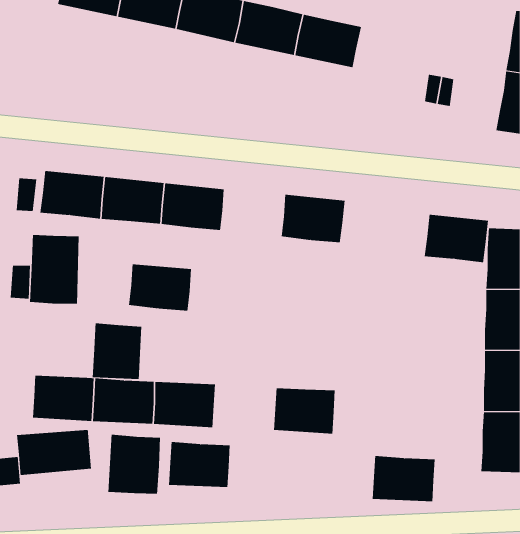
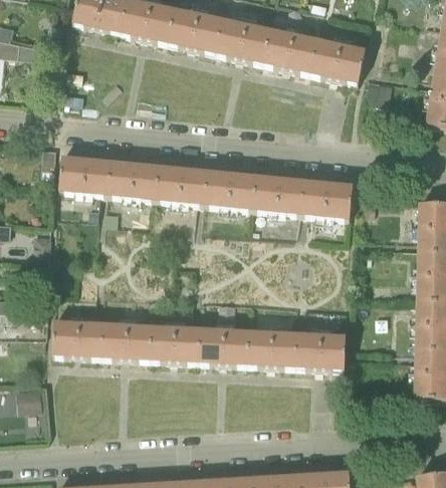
building: none -> [310,40,365,83]
building: [424,214,489,263] -> [300,180,353,219]
building: [29,234,79,304] -> none
building: [128,264,192,311] -> [204,171,255,209]
building: [92,322,142,380] -> none
building: [17,429,92,476] -> none
building: [108,434,160,495] -> none
building: [168,441,231,488] -> [198,327,248,364]
building: [372,455,436,502] -> [294,332,346,370]

